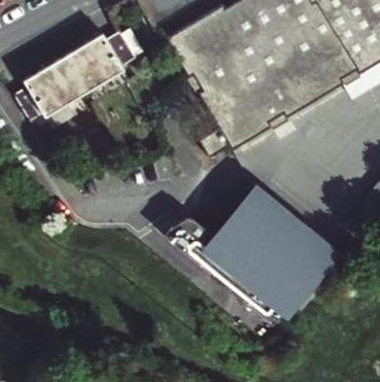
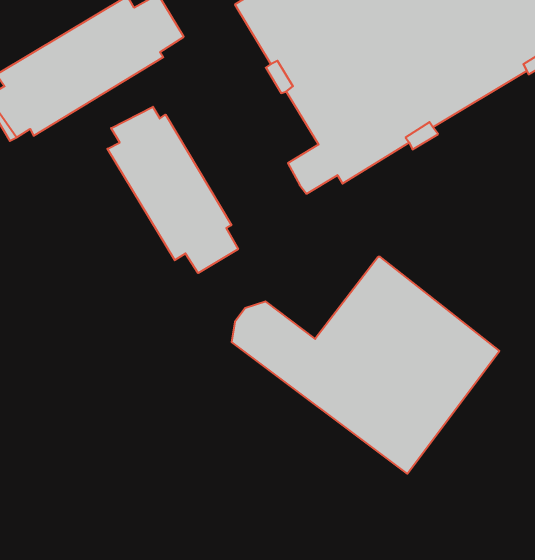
building: none -> [107,107,238,273]

